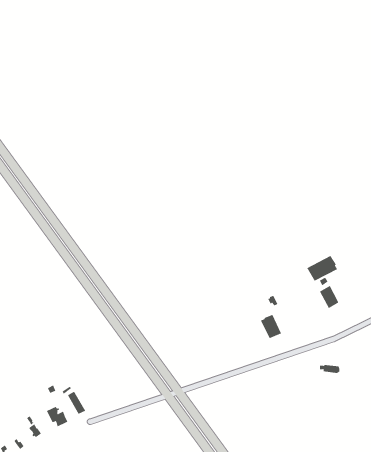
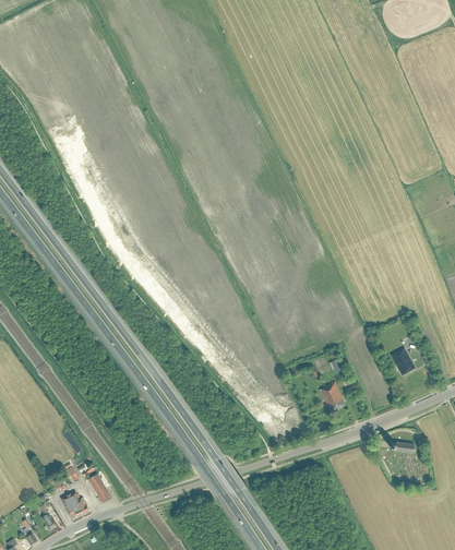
building: [306,255,338,281] -> none

